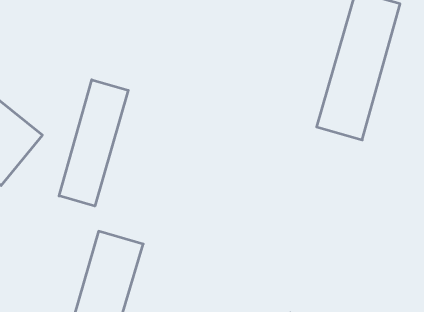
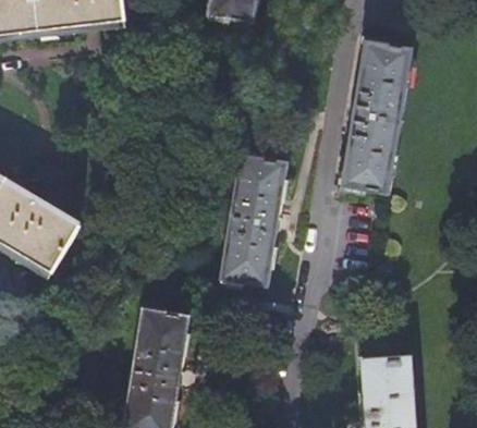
building: [59,80,128,206] -> none
building: none -> [225,155,290,288]

